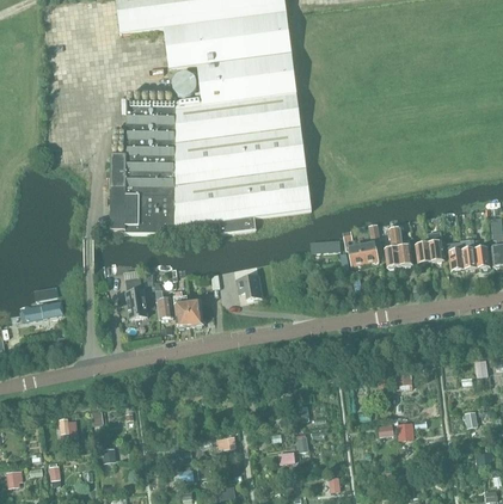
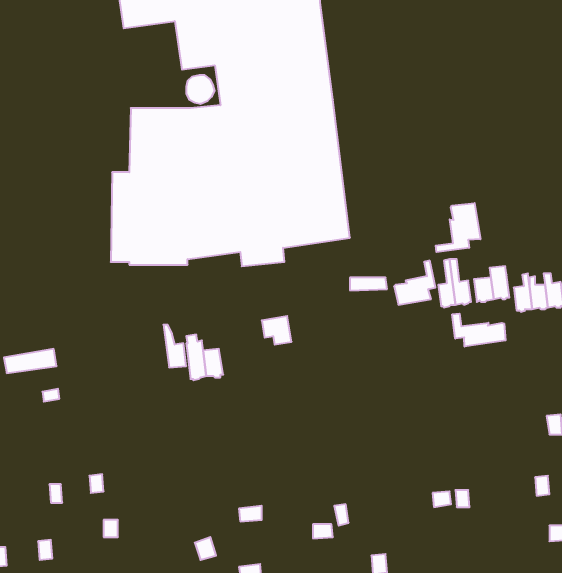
building: none -> [436,203,480,252]
building: none -> [452,314,506,347]
building: [124,278,146,320] -> none

